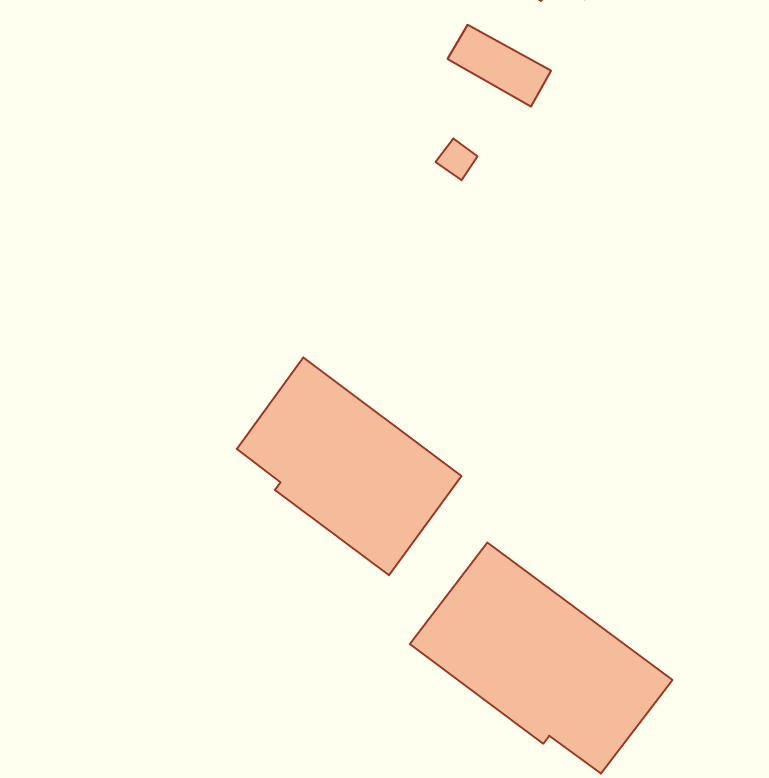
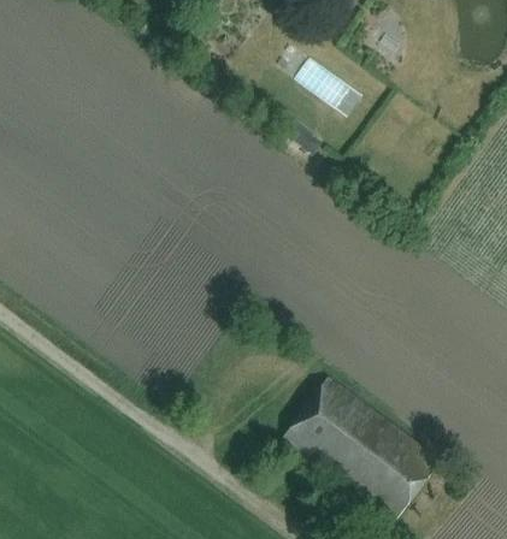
building: [237,357,461,575] -> none

